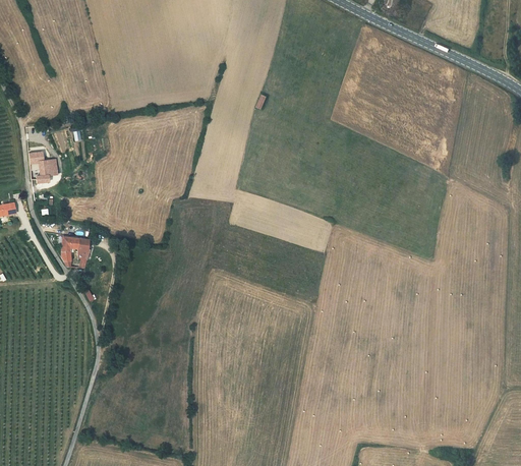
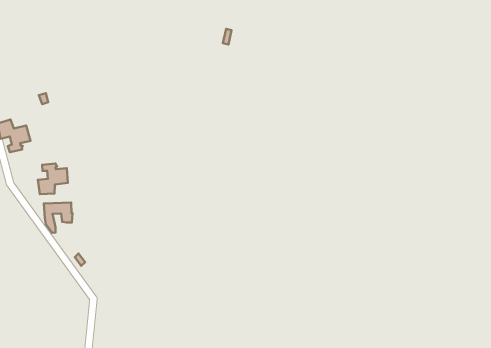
building: none -> [38,163,68,194]

